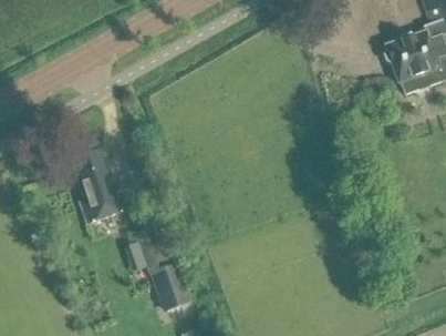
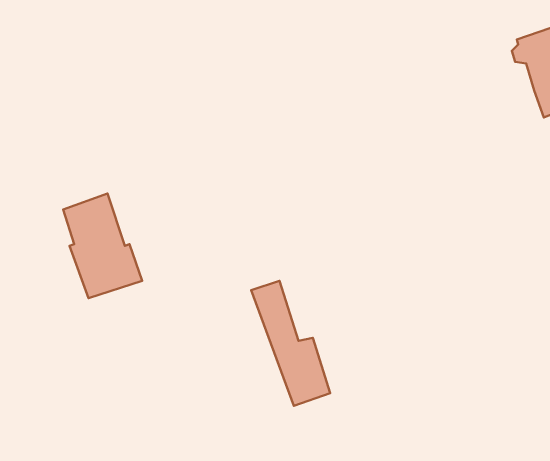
building: [134,228,189,316] -> [251,281,330,406]

